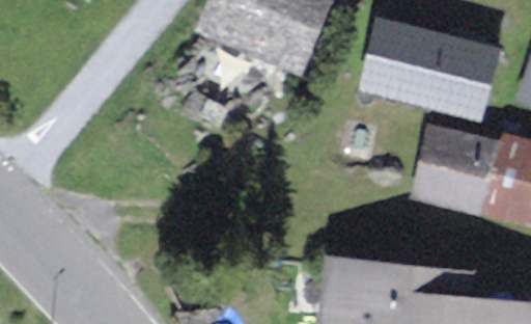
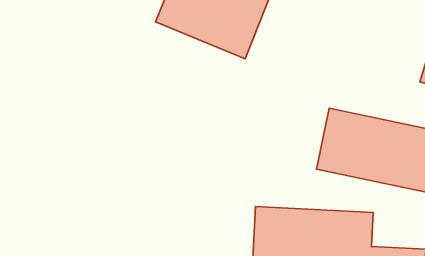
building: [359,14,510,119] -> none

